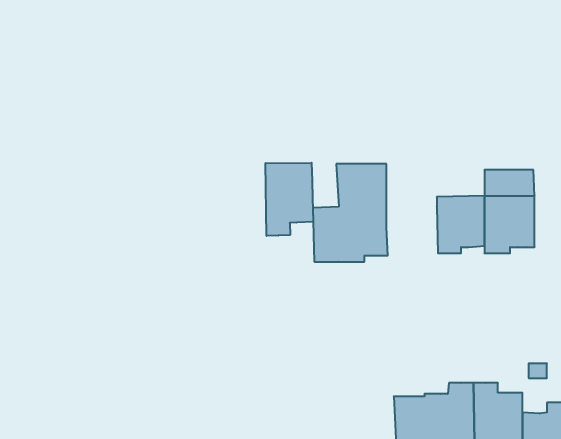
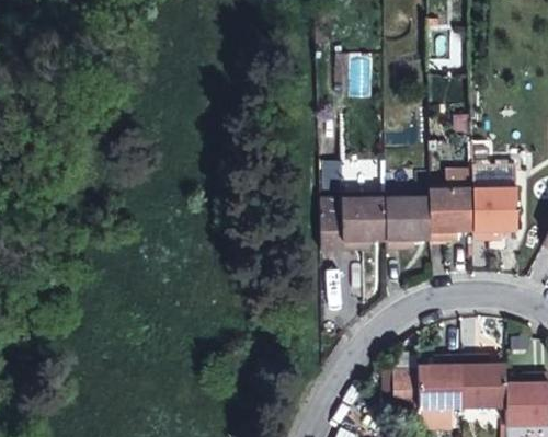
building: [266,163,313,236] -> none
building: none -> [385,197,431,245]

